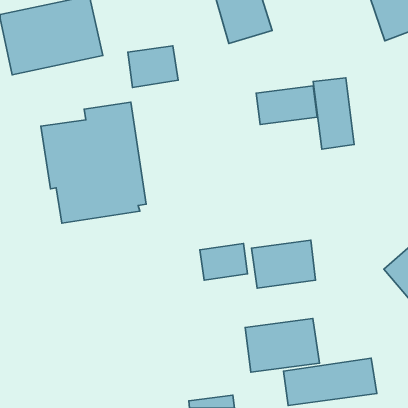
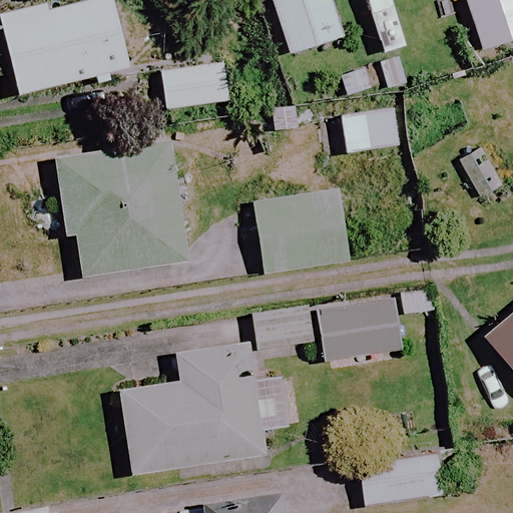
building: [313,78,354,149] -> none
building: none -> [254,185,374,273]
building: none -> [118,344,297,474]
building: [245,319,320,372] -> none

